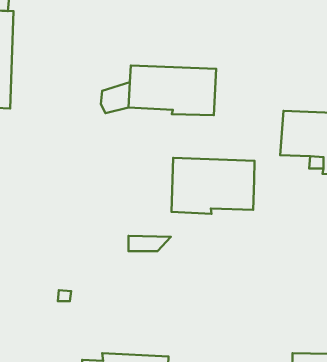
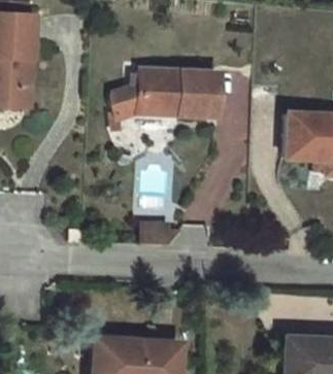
building: [172,158,255,214] -> none

